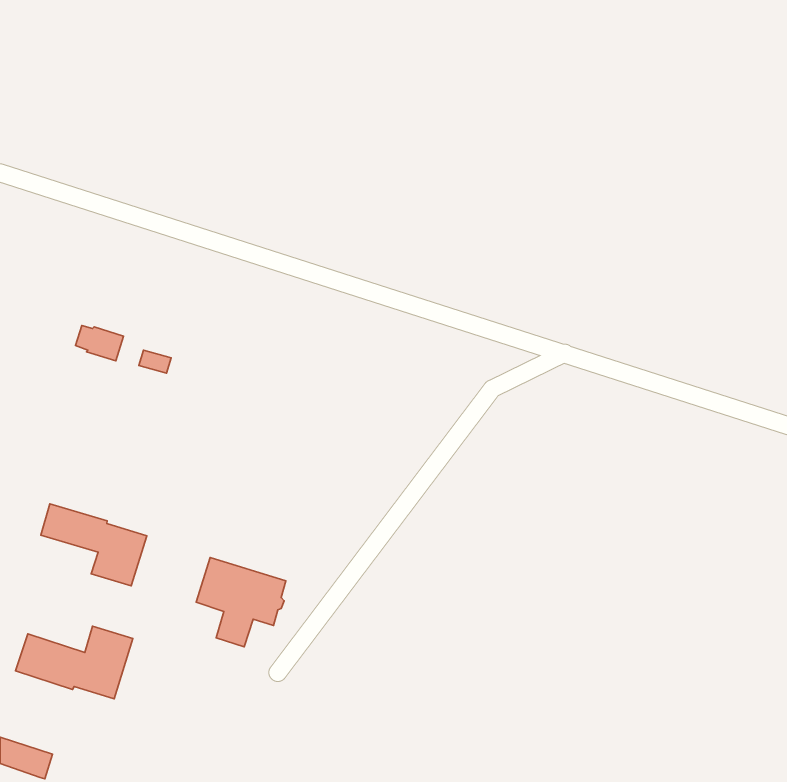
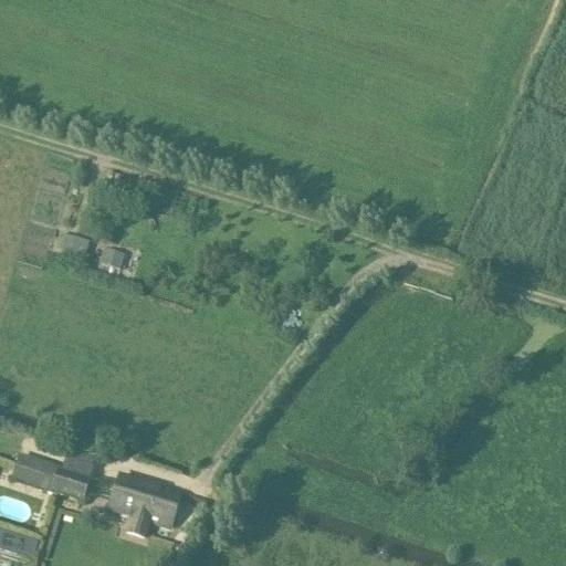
building: [41,504,147,586] -> none
building: [196,558,286,647] -> [111,474,175,538]

